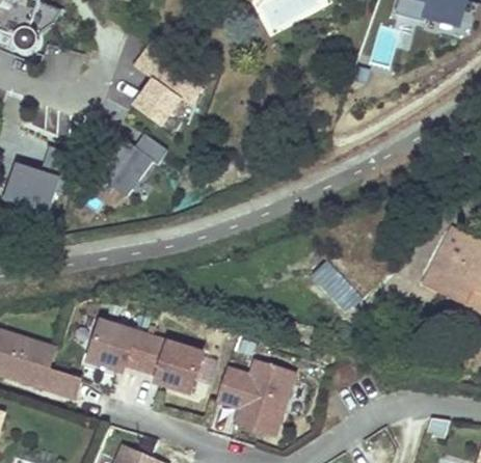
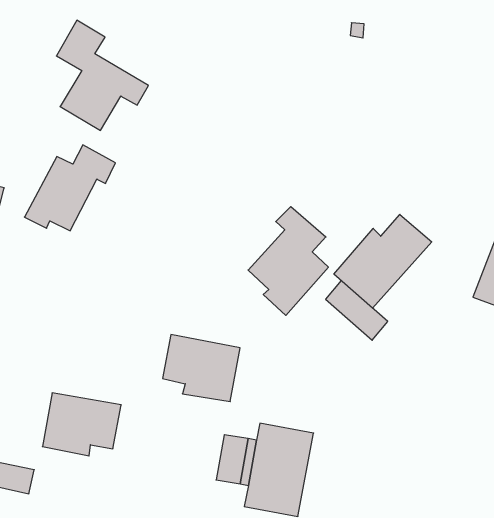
building: none -> [248,207,328,315]
building: none -> [334,214,432,308]
building: [139,334,201,390] -> [163,335,240,402]

